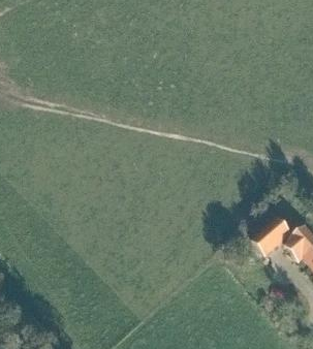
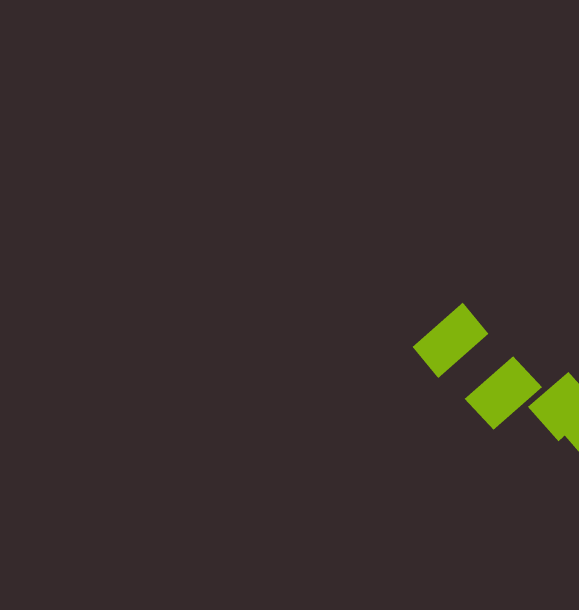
building: none -> [412,302,489,379]

